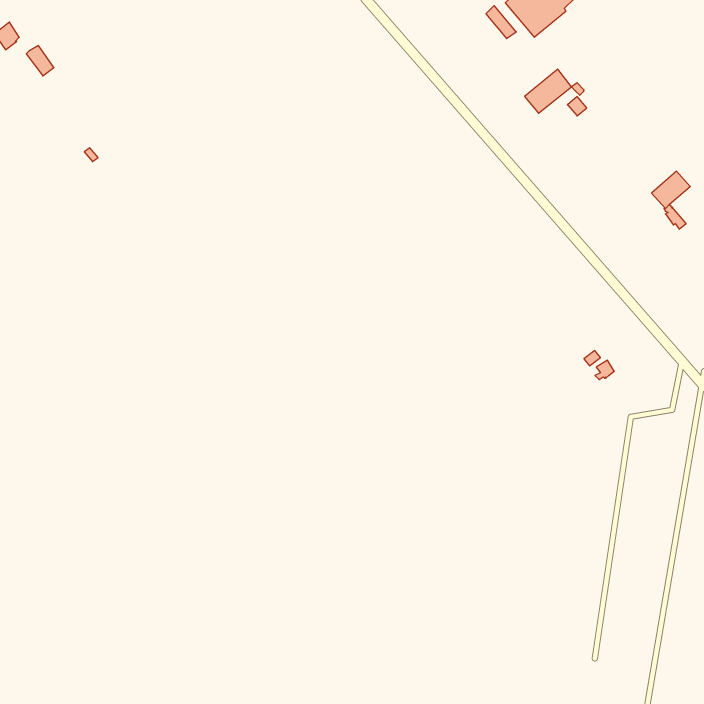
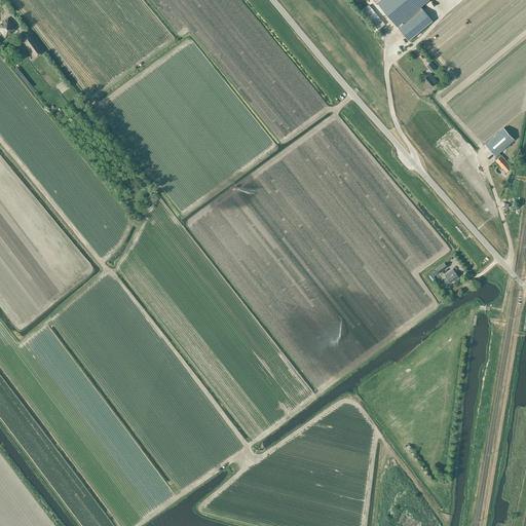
building: [525,69,571,113] -> [398,7,433,40]

